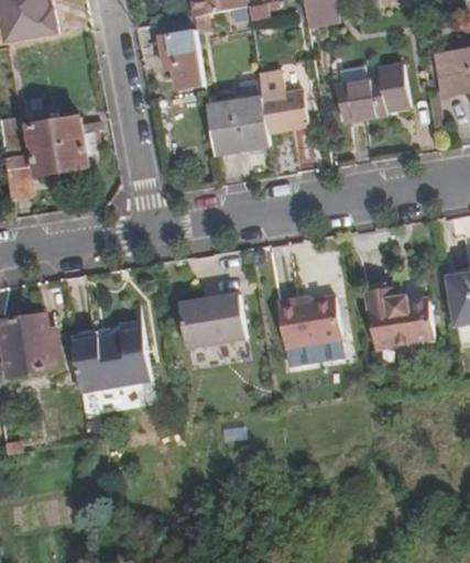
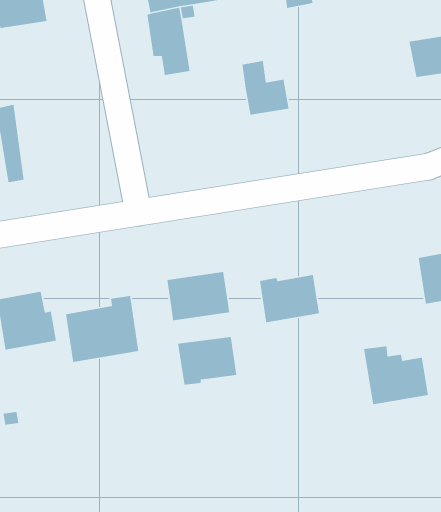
building: [337,62,408,121] -> none
building: [206,80,269,152] -> none
building: [26,117,87,175] -> none
building: [364,287,434,350] -> [363,345,429,405]
building: none -> [177,336,237,386]

